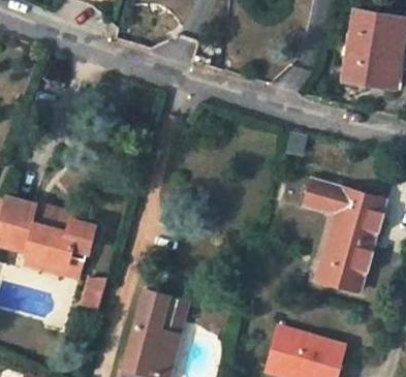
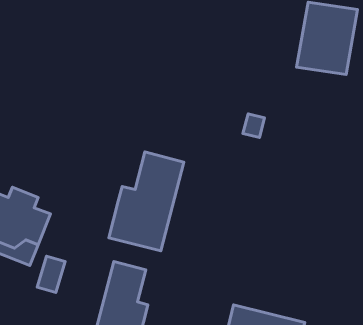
building: none -> [109,152,184,251]
building: [302,183,383,293] -> none

